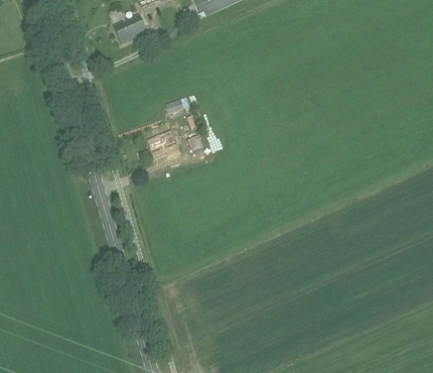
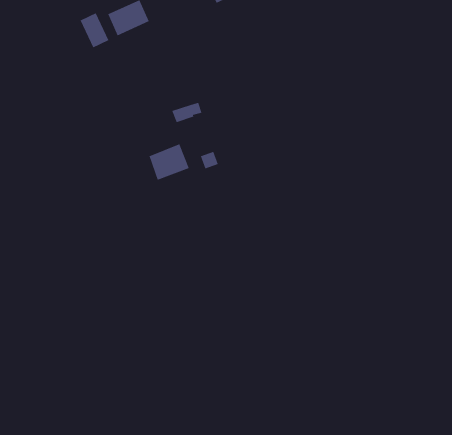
building: none -> [80,12,109,49]

